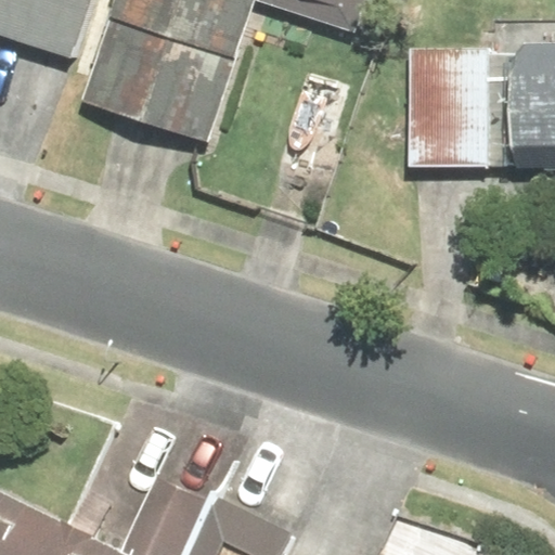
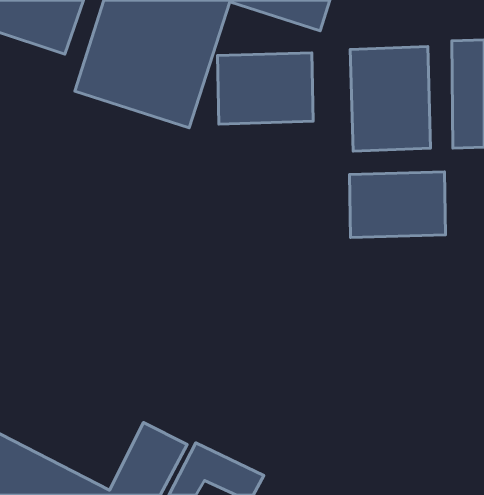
building: none -> [218,53,313,124]
building: none -> [349,172,446,238]

